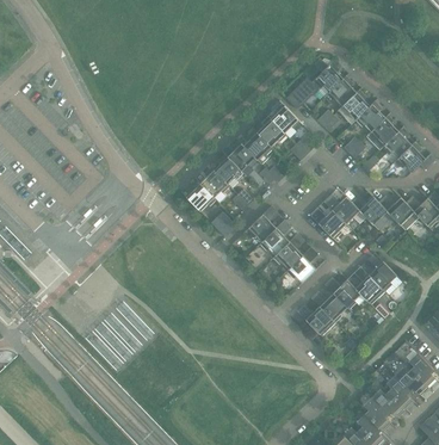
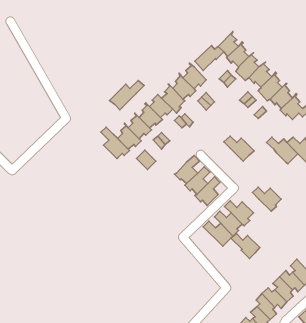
building: none -> [109,80,144,110]
building: none -> [101,127,129,159]
building: [350,194,390,227] -> none
building: [246,206,278,242] -> none
building: [309,208,345,240] -> none
building: [346,273,383,305] -> [231,234,260,259]

